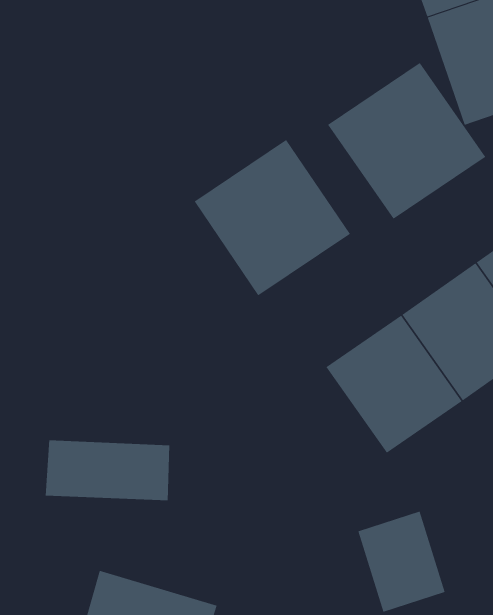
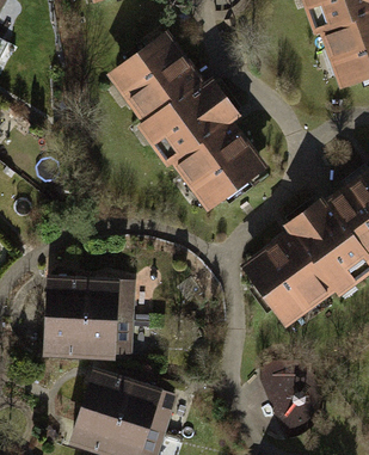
building: [327,62,486,220] -> [103,35,215,146]
building: none -> [47,276,134,318]
building: none -> [82,370,177,431]

